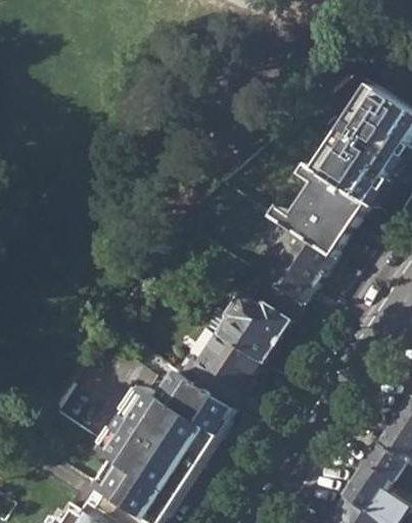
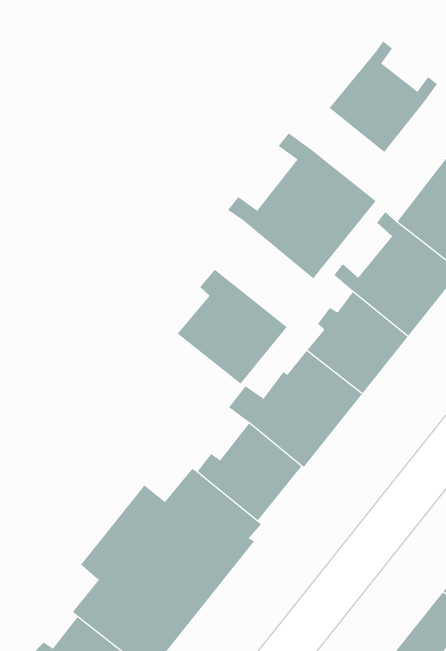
building: none -> [329,40,438,153]
building: none -> [227,133,377,279]
building: none -> [177,269,288,384]

